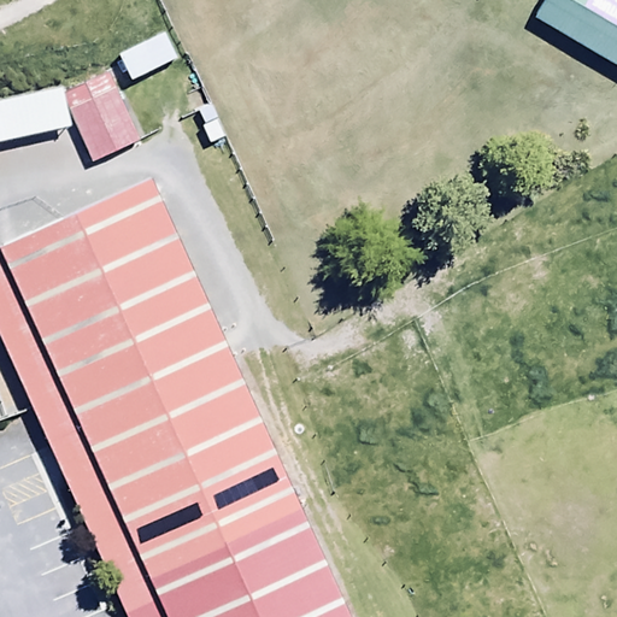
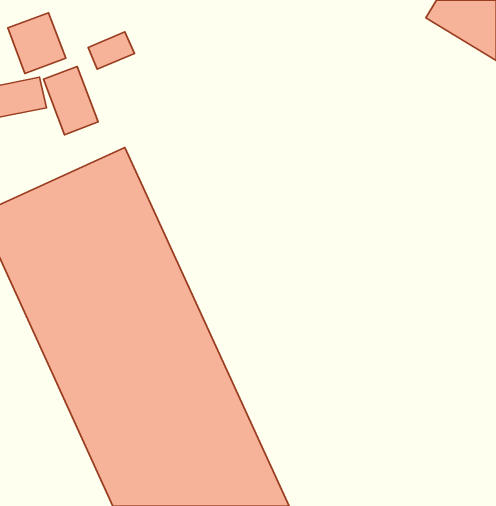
building: none -> [8,13,66,73]

